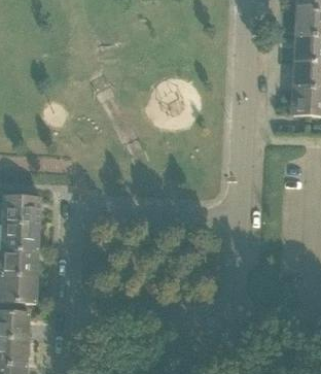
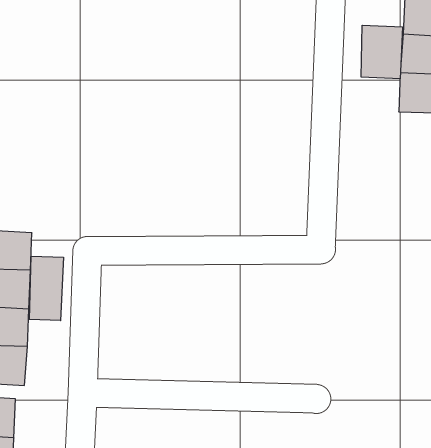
building: none -> [361,25,402,79]
building: none -> [29,256,63,321]

